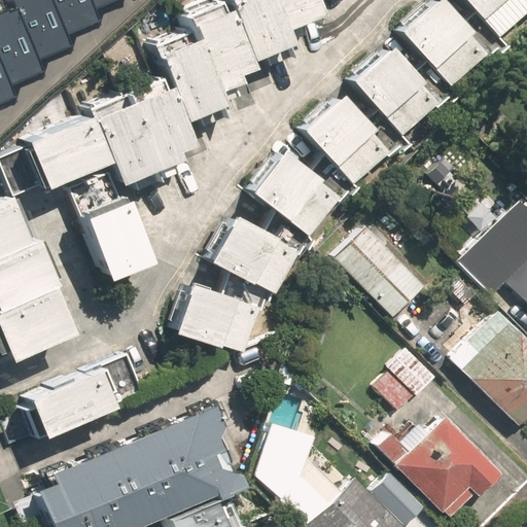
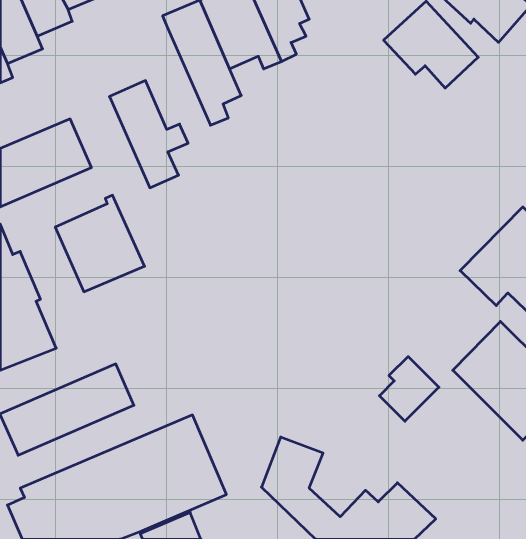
building: [142,28,220,128] -> none
building: [342,50,432,136] -> none
building: [73,72,162,192] -> none
building: [292,101,382,187] -> none
building: [242,156,332,236] -> none
building: [201,218,294,296] -> none
building: [342,226,430,315] -> none
building: [167,291,257,353] -> none
building: [391,414,511,516] -> none

